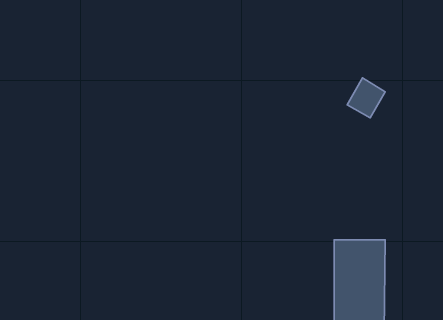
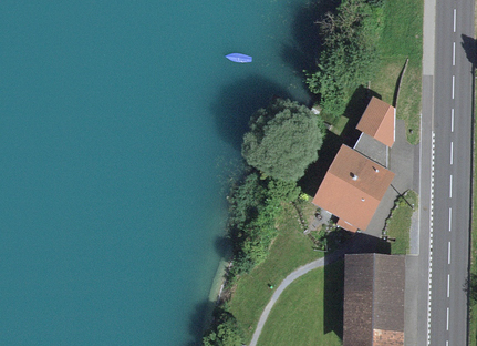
building: none -> [317,144,391,221]

